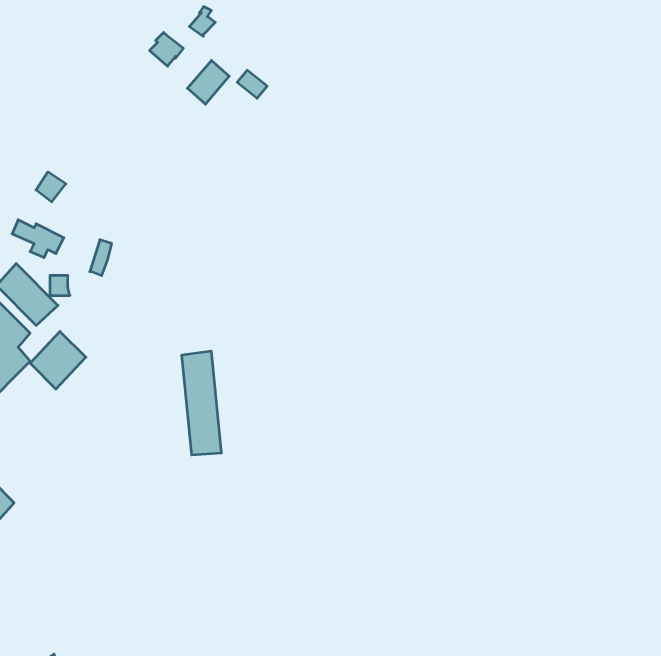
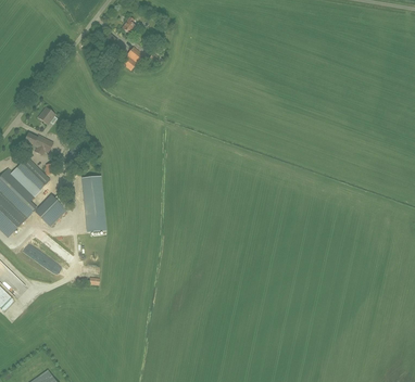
building: [182,351,221,455] -> [84,176,105,232]

